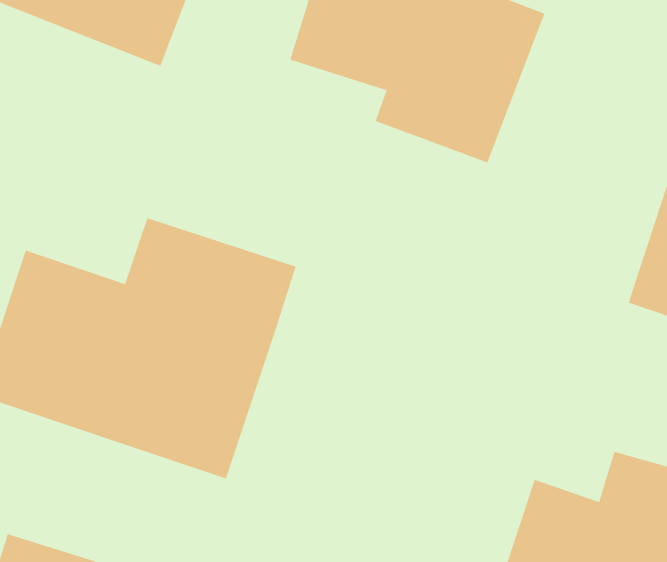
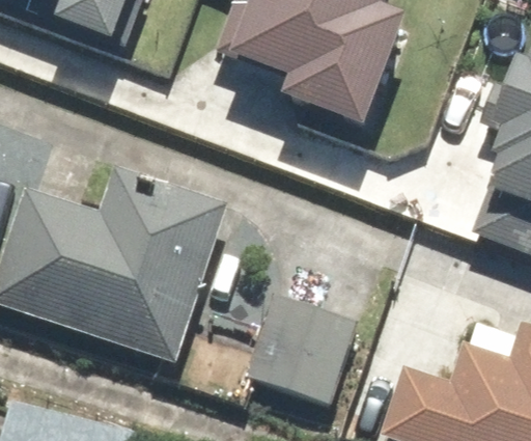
building: none -> [247,294,358,402]

